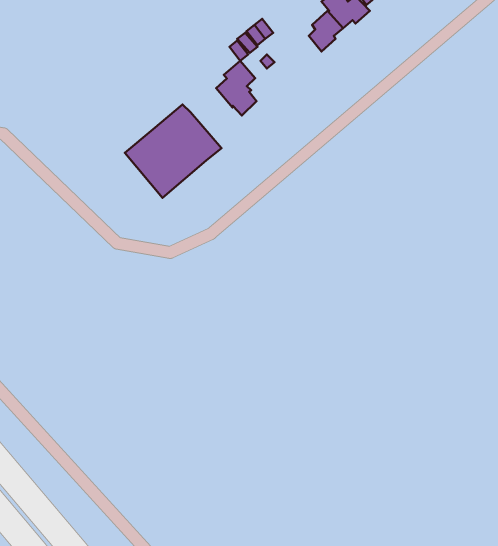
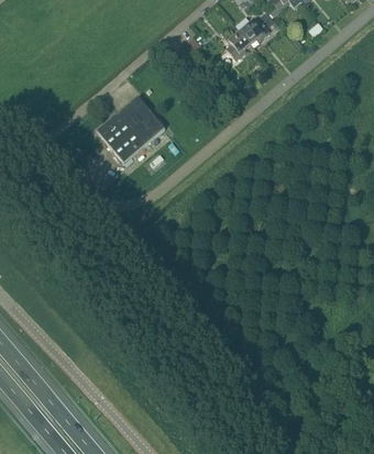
building: [216,61,256,116] -> none

